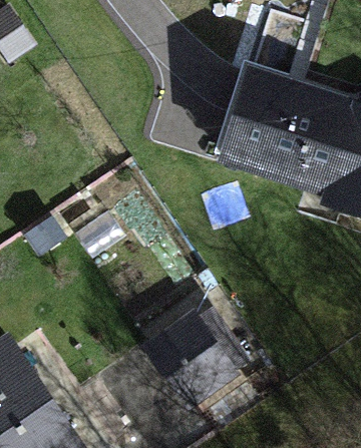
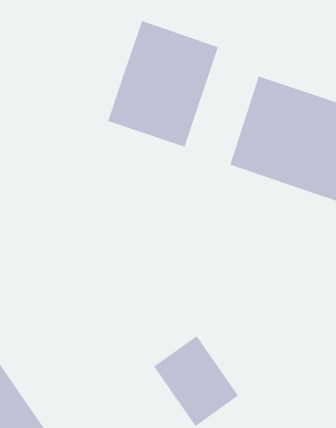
building: none -> [107,20,218,147]

